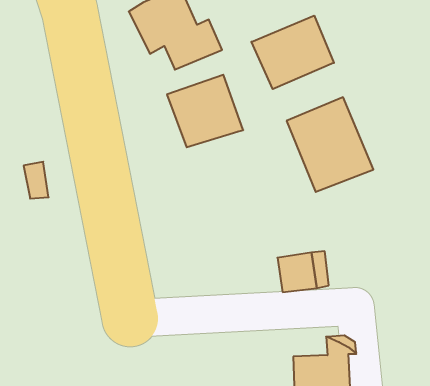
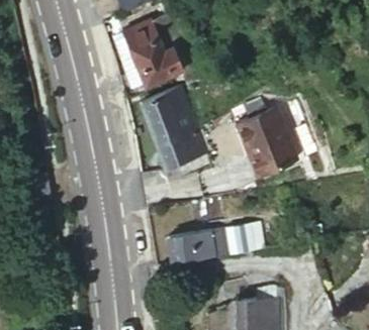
building: [251,16,334,89] -> none
building: none -> [155,131,206,172]
building: none -> [165,229,228,264]

